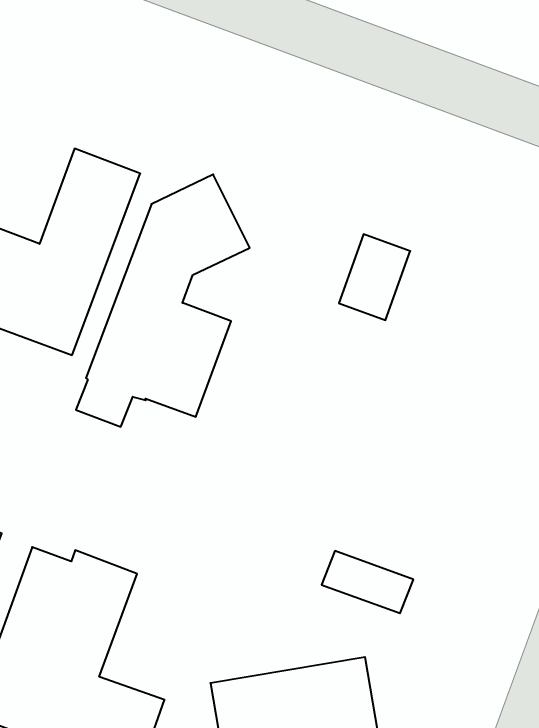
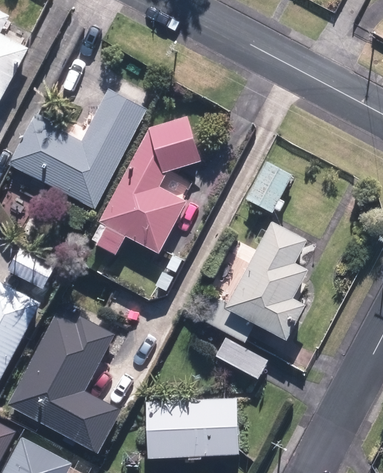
building: none -> [202,223,306,341]

